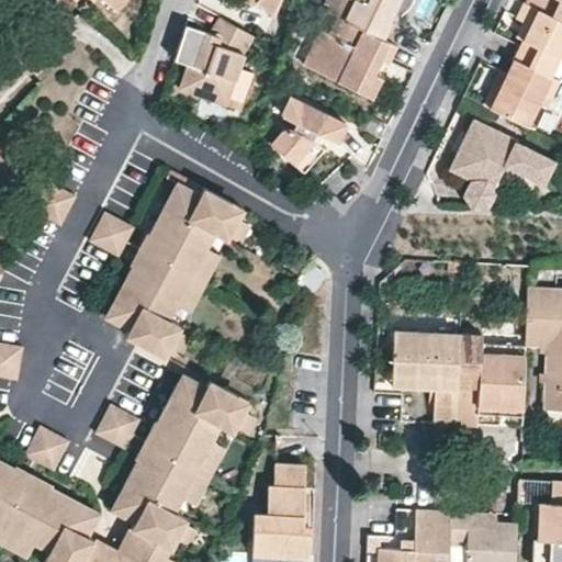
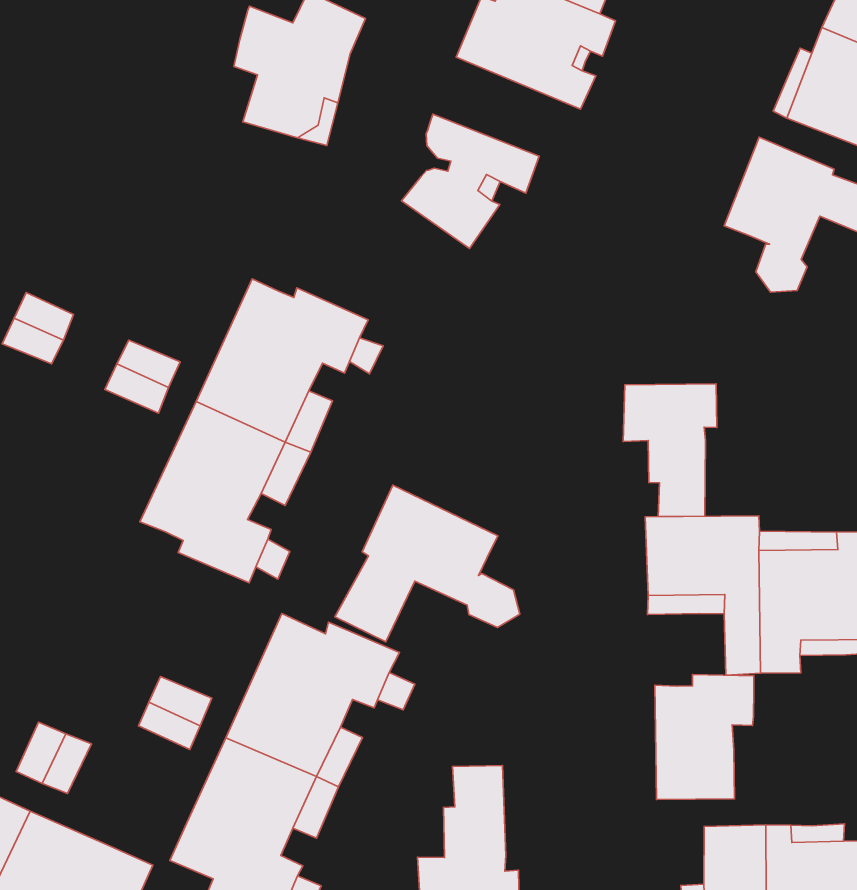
building: none -> [623,384,717,517]
building: none -> [335,485,520,642]
building: none -> [655,675,754,800]

